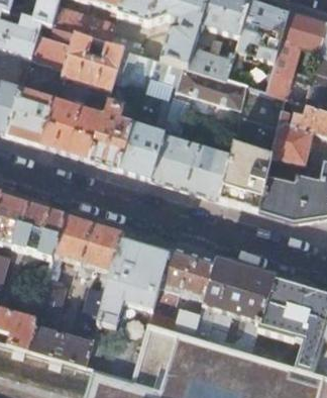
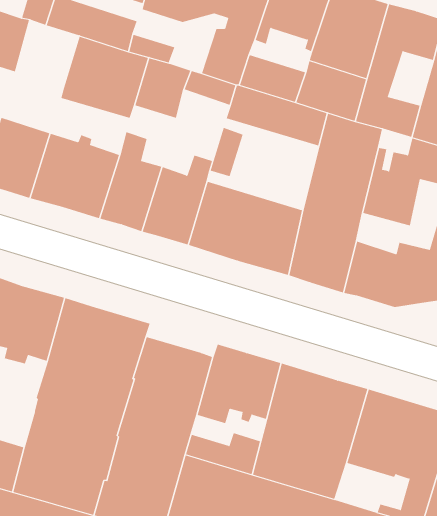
building: [31,21,77,69] -> none

